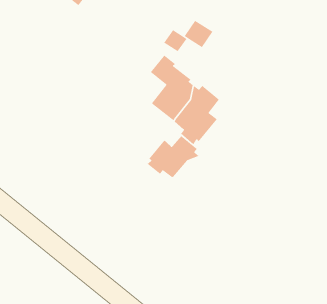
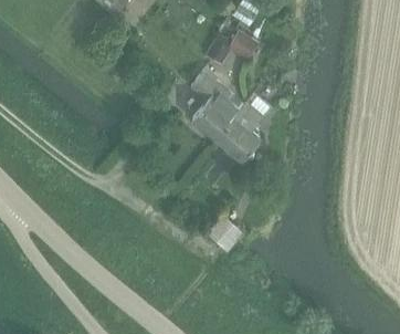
building: [147,135,200,178] -> none

